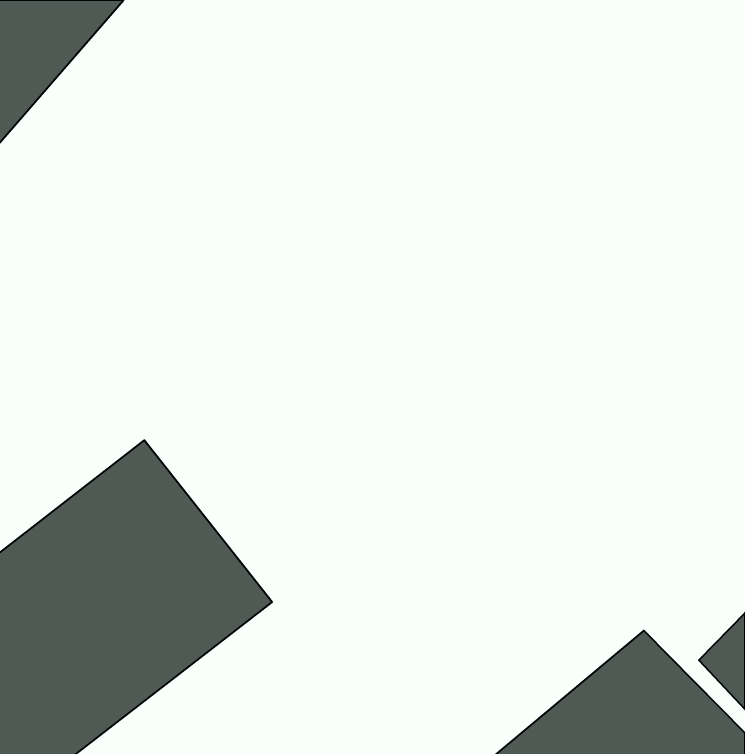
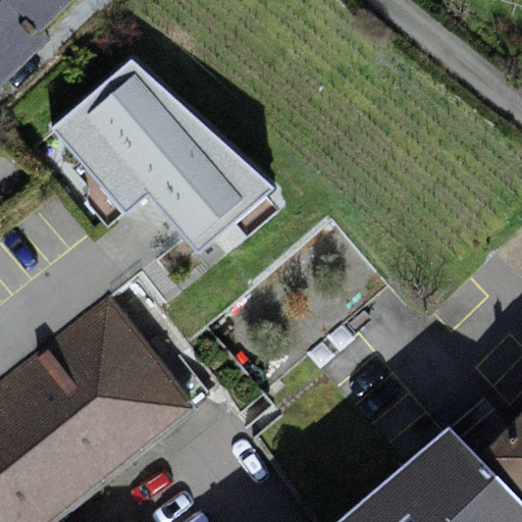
building: none -> [42,38,262,240]

